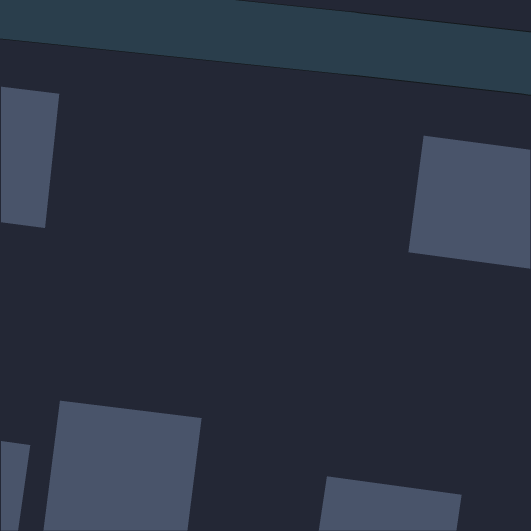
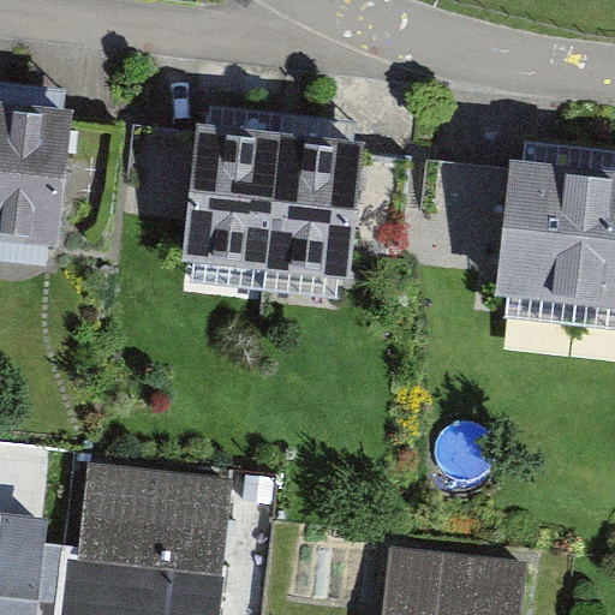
building: none -> [153,129,364,283]

